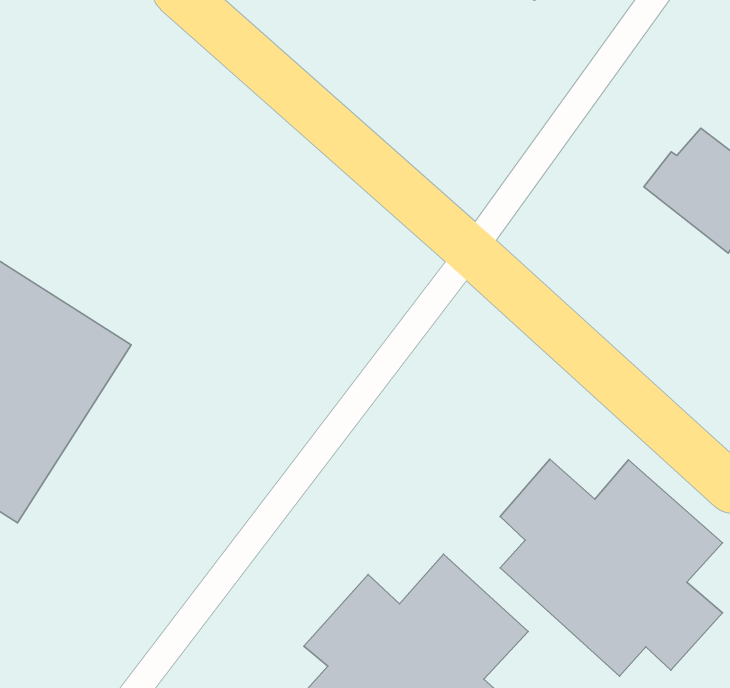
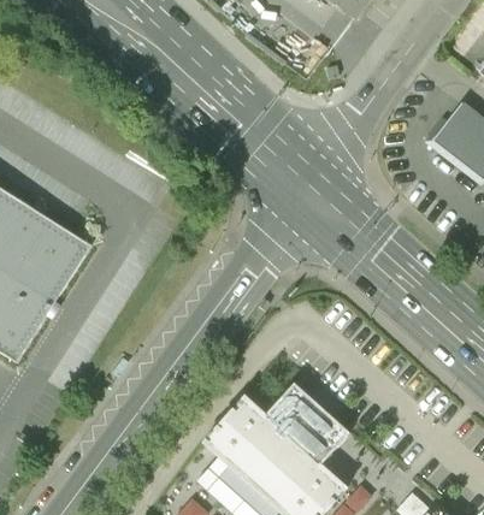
building: [500,459,723,676] -> none

